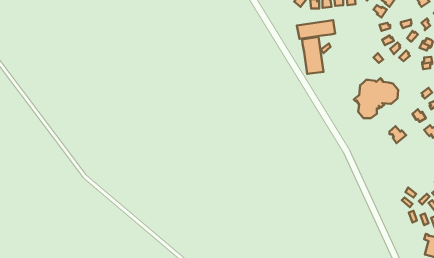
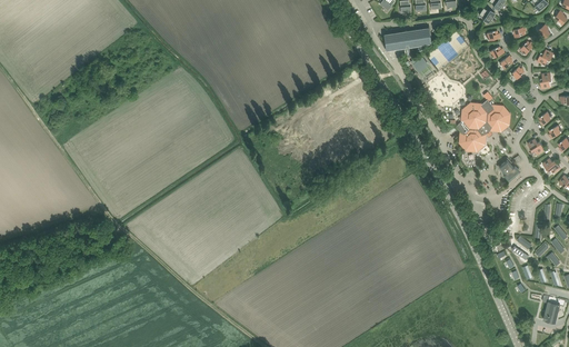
building: [302,37,324,74] -> none

